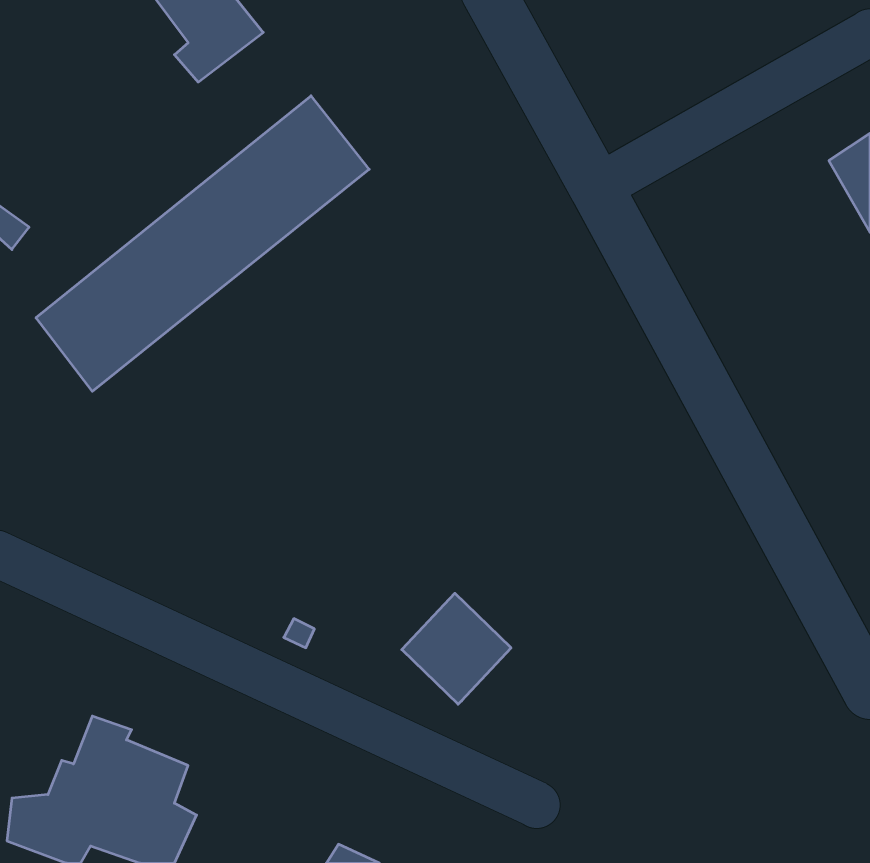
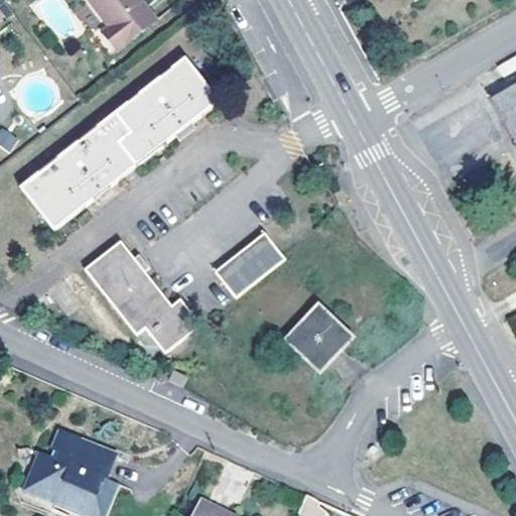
building: none -> [215,229,284,294]
building: none -> [86,241,201,351]
building: [402,593,511,704] -> [284,302,349,368]

